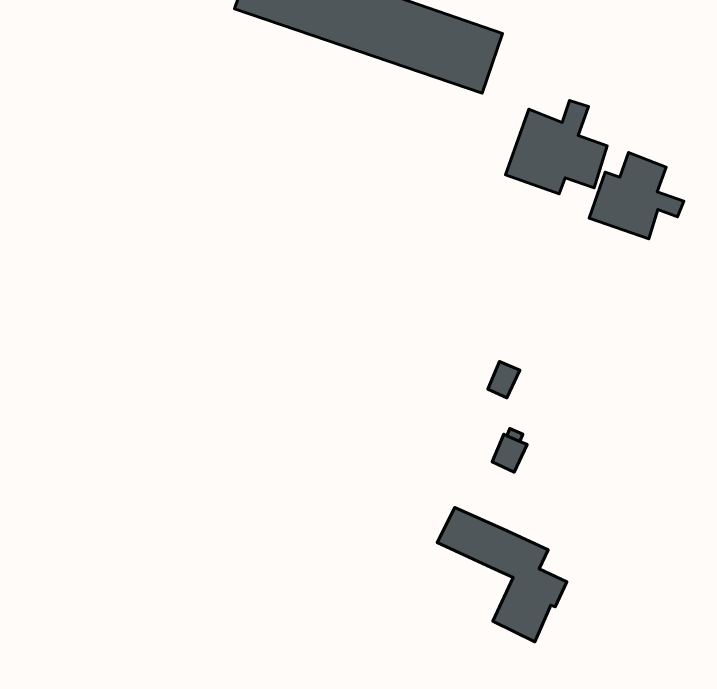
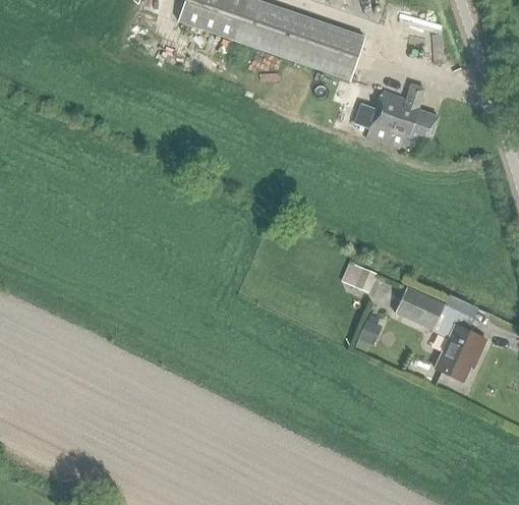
building: [589,152,684,239] -> none
building: [437,508,567,642] -> [394,287,484,381]

